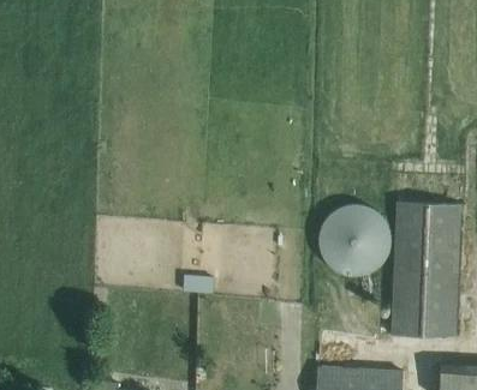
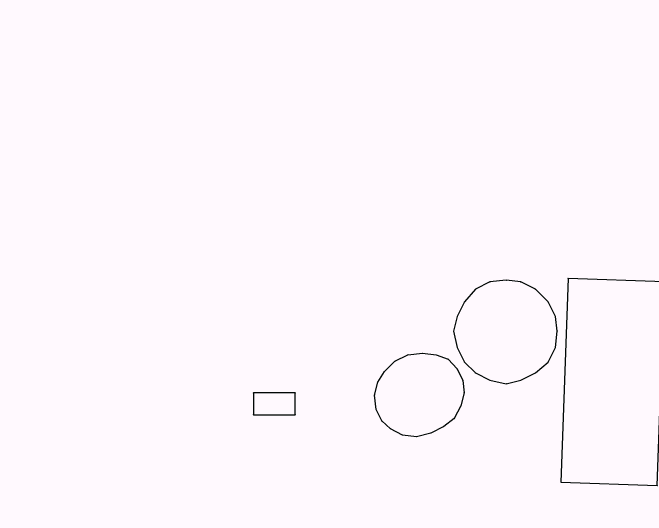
building: none -> [375,353,464,437]

